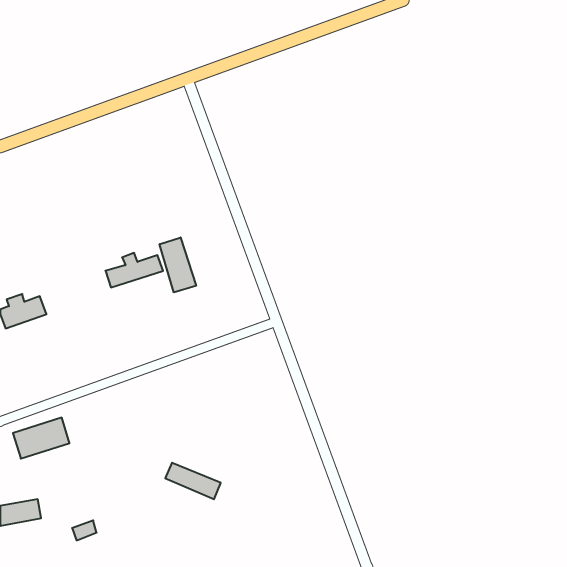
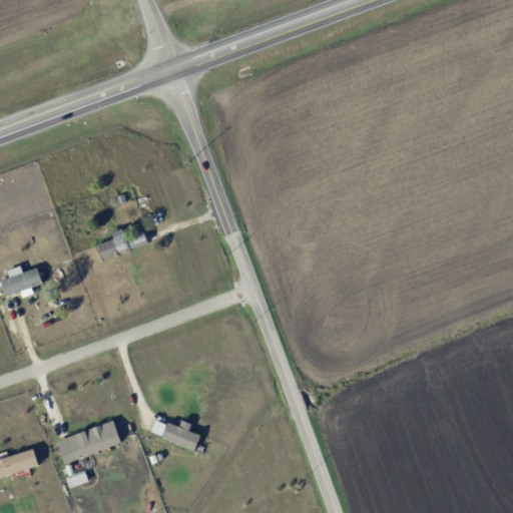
building: [160,237,196,292] -> none
building: [13,418,70,459] -> [69,421,120,458]

